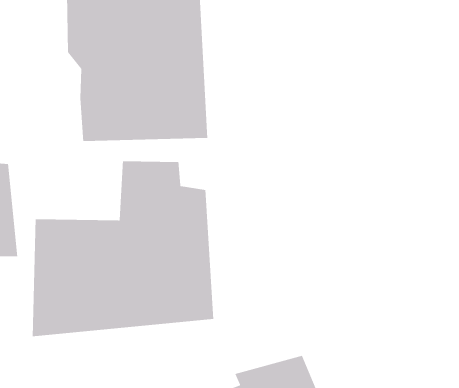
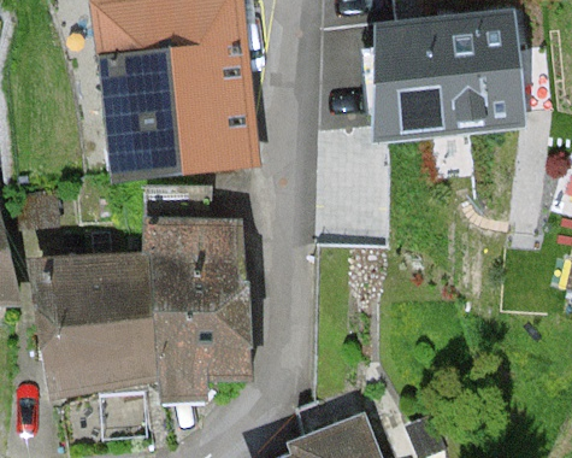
building: none -> [382,19,530,135]

